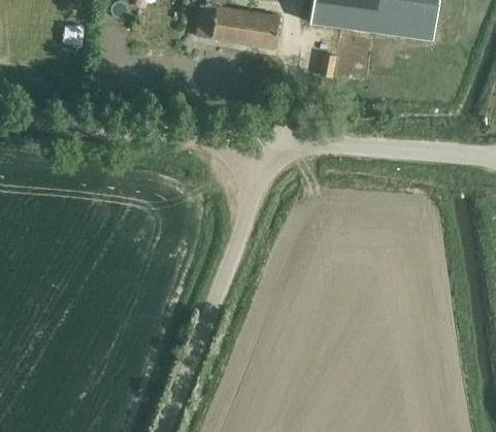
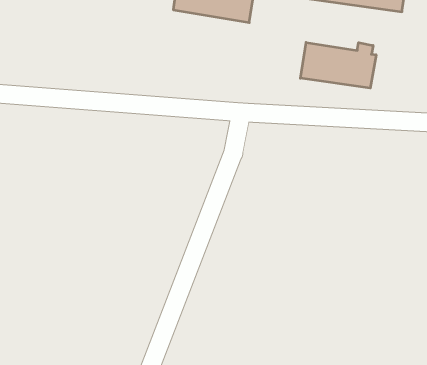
building: none -> [300,42,376,88]

